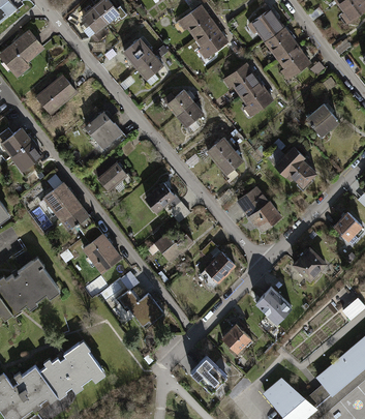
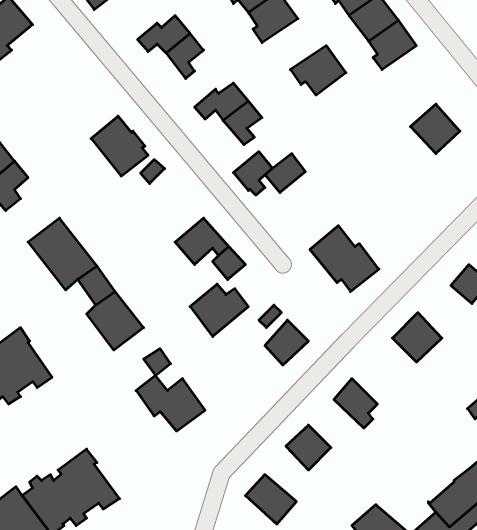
building: [35,73,77,114] -> none
building: [240,81,274,117] -> none
building: [274,146,316,187] -> none
building: [215,149,242,179] -> [233,152,272,195]
building: [92,156,128,191] -> none

